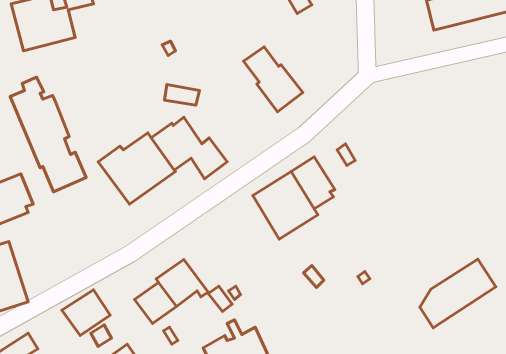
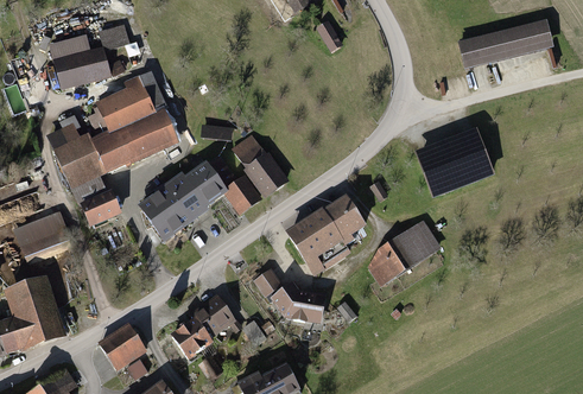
building: none -> [87,71,179,173]
building: [244,47,303,112] -> [232,134,290,198]
building: none -> [413,128,495,198]
building: none -> [253,267,327,322]
building: [420,259,496,328] -> [367,220,442,287]

